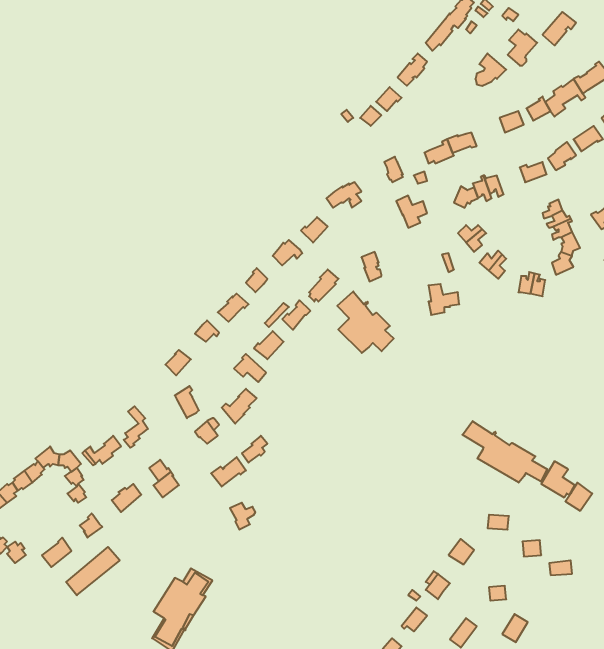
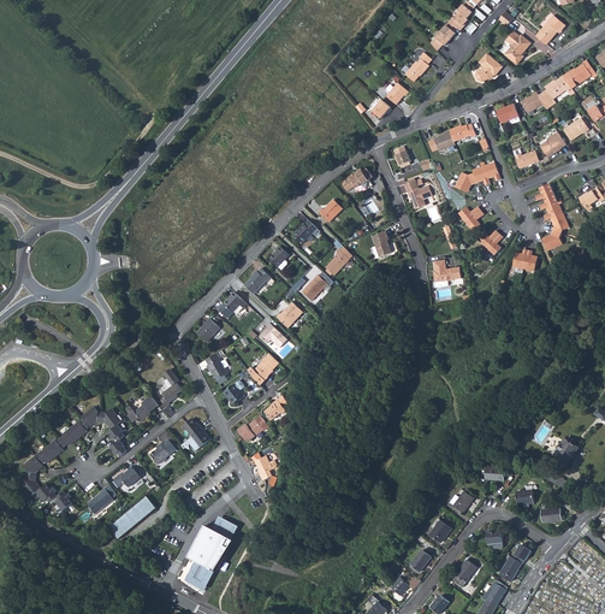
building: [337,291,394,353] -> none
building: [462,421,547,483] -> none

